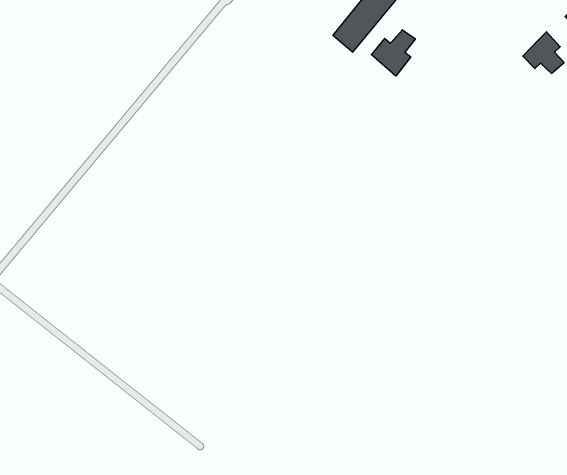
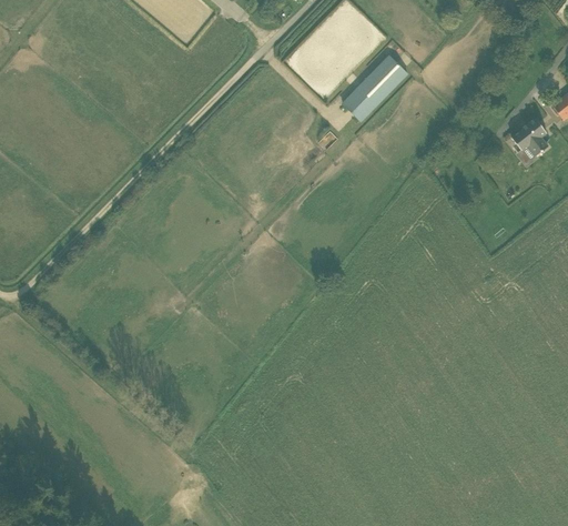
building: [371,30,415,76] -> none

